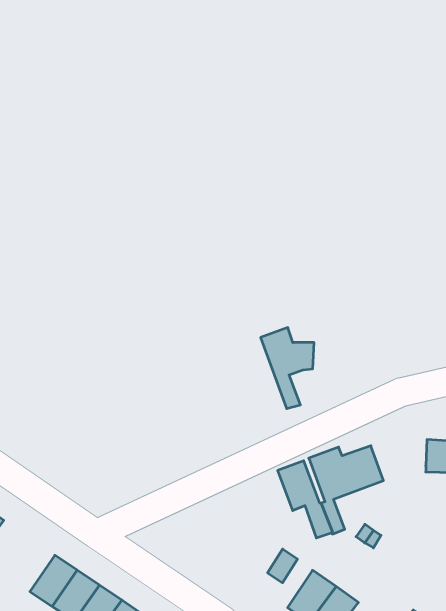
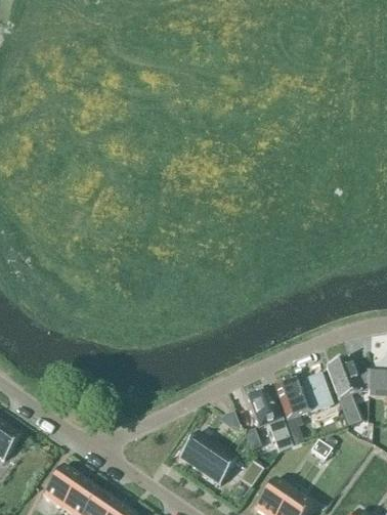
building: [261,328,314,409] -> [327,357,371,424]
building: none -> [181,431,239,484]

